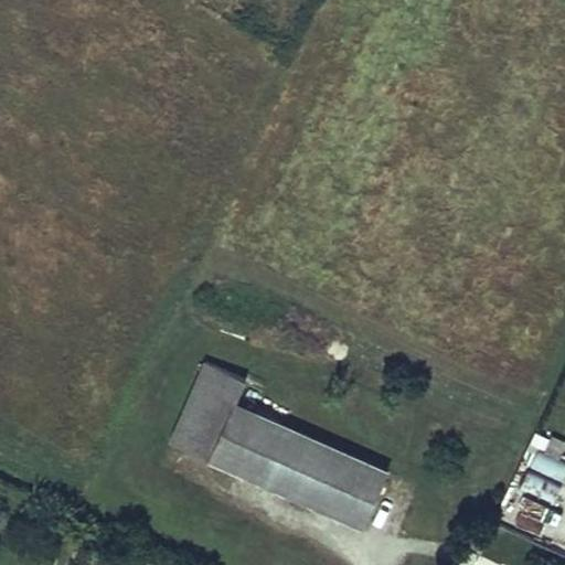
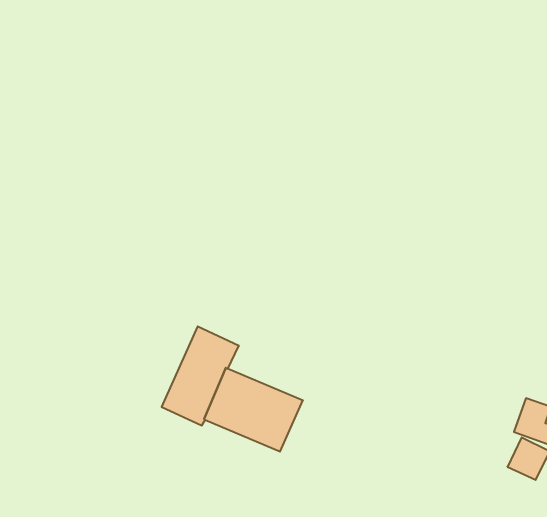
building: [289,441,386,525] -> none

